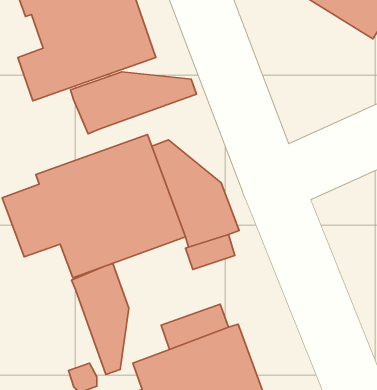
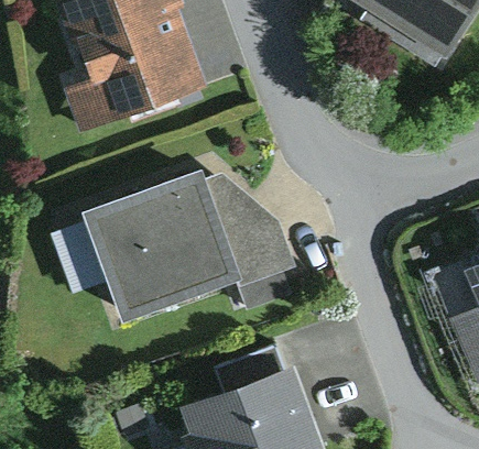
building: [71,72,197,134] -> none
building: [71,263,129,375] -> none

